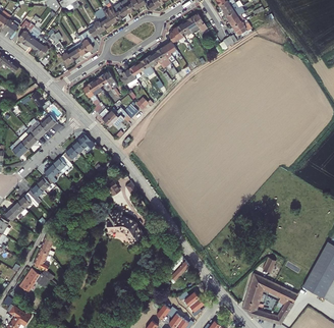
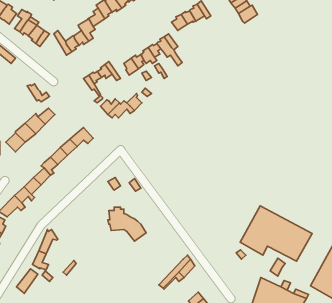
building: none -> [240,206,312,261]

